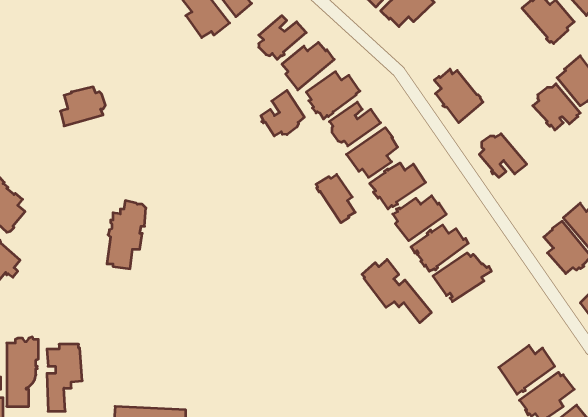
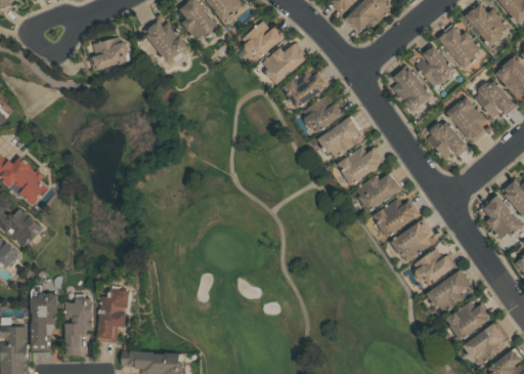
building: none -> [143,22,187,63]
building: none -> [438,25,481,69]
building: none -> [416,42,453,86]
building: [60,87,105,126] -> [91,37,129,70]
building: [261,90,304,136] -> none
building: none -> [447,96,492,143]
building: [316,174,355,223] -> none
building: [107,201,146,269] -> [97,285,130,342]
building: [362,259,431,323] -> none
building: none -> [413,248,456,285]
building: none -> [426,269,475,314]

